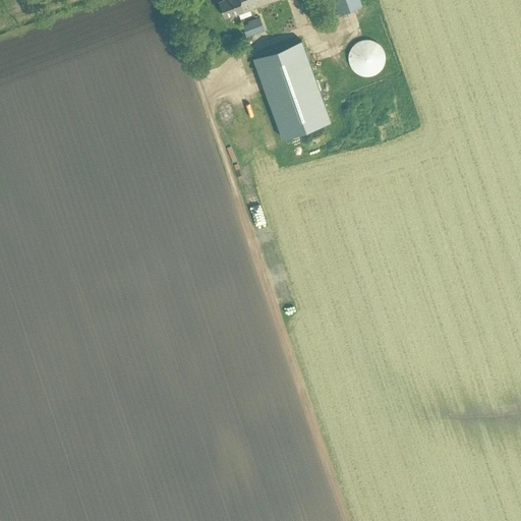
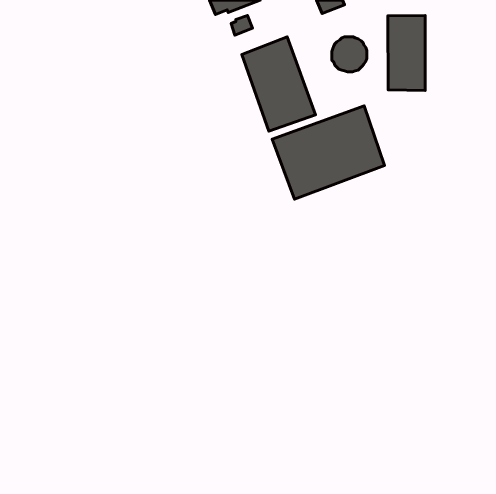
building: none -> [388,16,425,91]
building: none -> [272,106,385,199]

